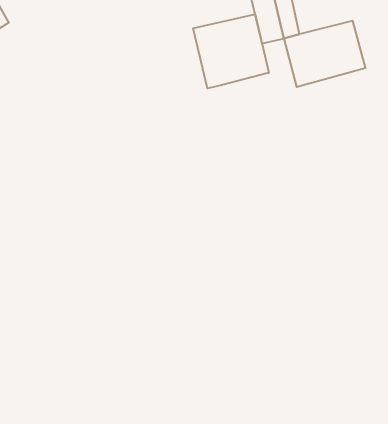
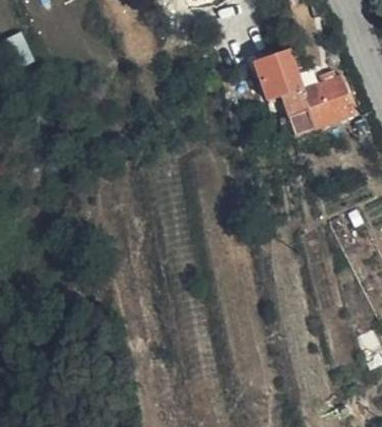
building: [193,14,269,88] -> none

